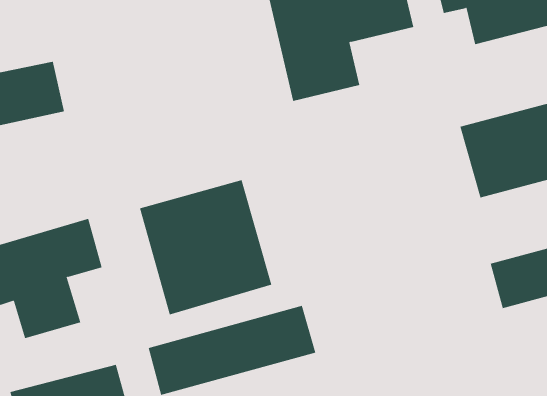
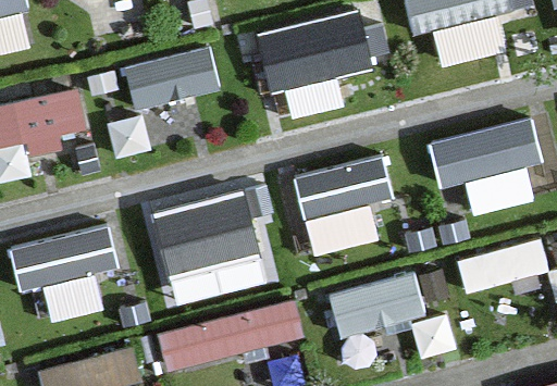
building: none -> [122,42,224,120]
building: none -> [290,149,394,258]
building: none -> [331,274,424,337]

